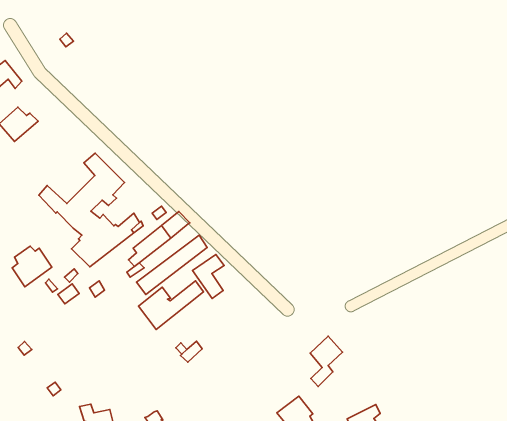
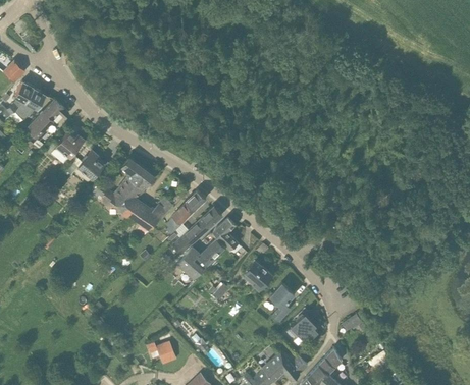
building: none -> [77,150,104,182]
building: [12,246,52,287] -> none
building: none -> [242,261,272,291]
building: [310,336,343,386] -> [270,283,294,321]

